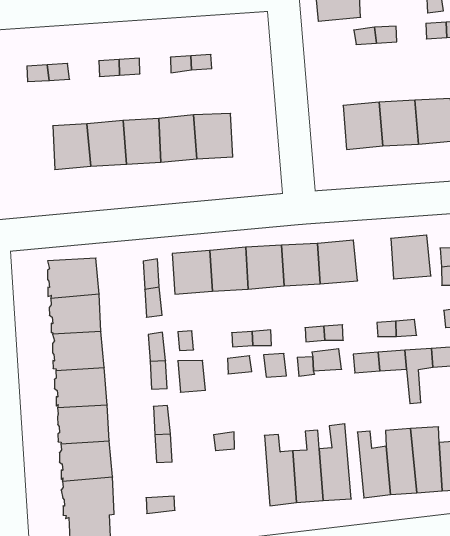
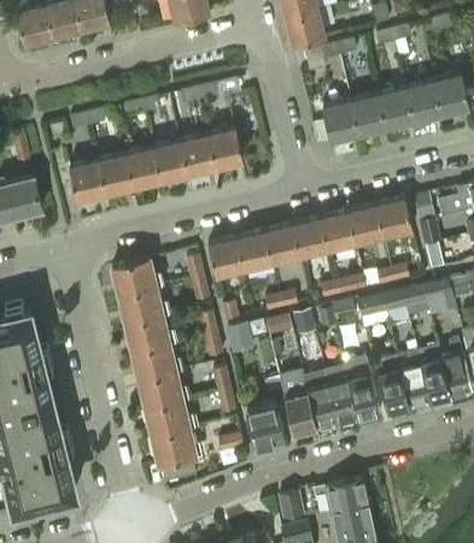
building: none -> [69,161,105,201]
building: none -> [347,206,384,243]
building: none -> [283,376,316,435]
building: none -> [246,402,283,444]

